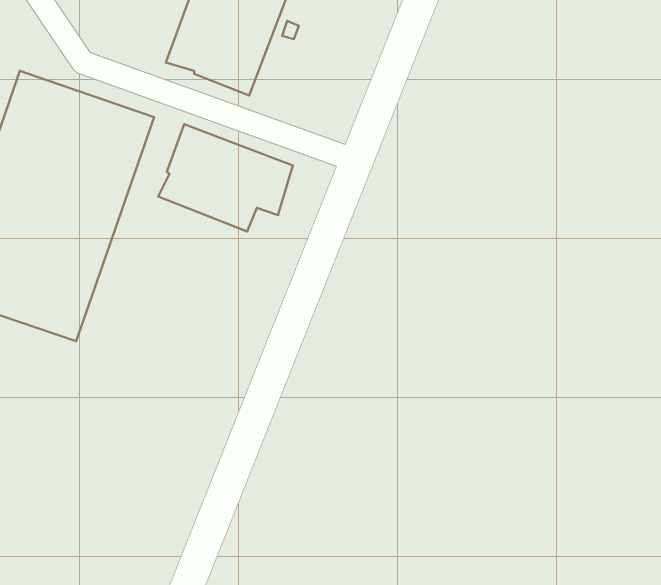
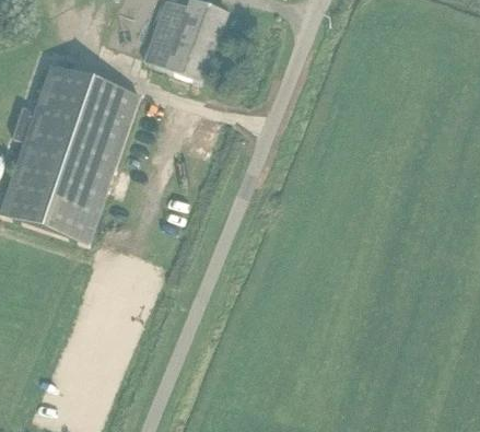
building: [158,124,293,232] -> none

